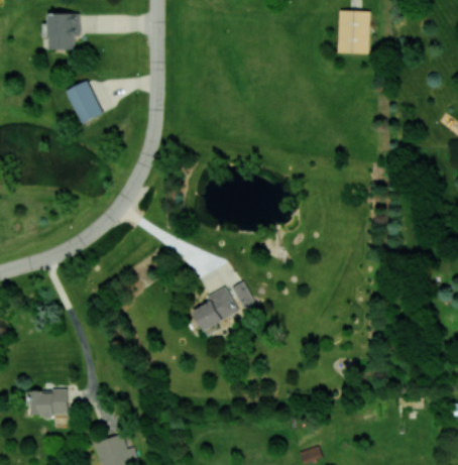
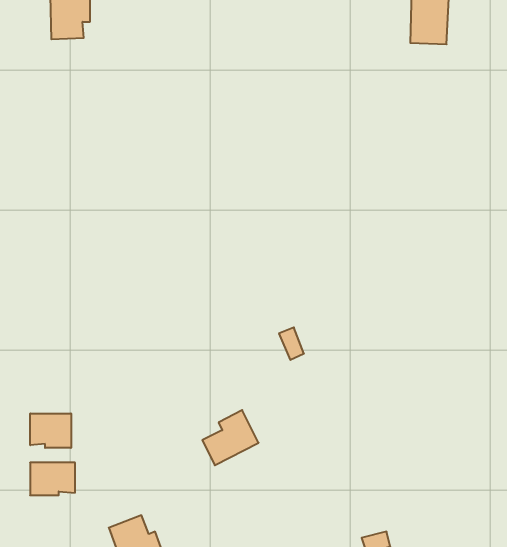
building: [65,80,103,124] -> none
building: [193,286,238,331] -> [202,410,259,465]
building: none -> [30,413,71,448]

